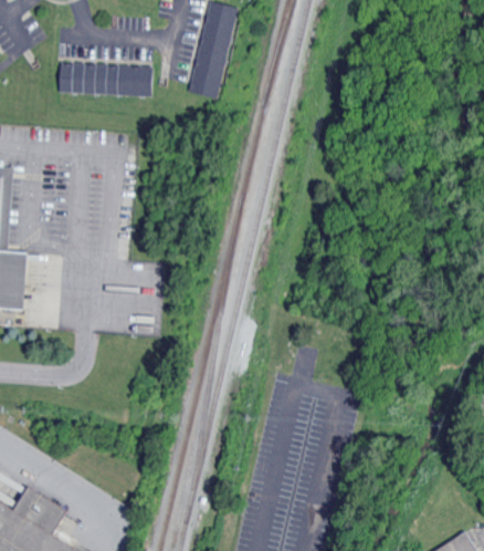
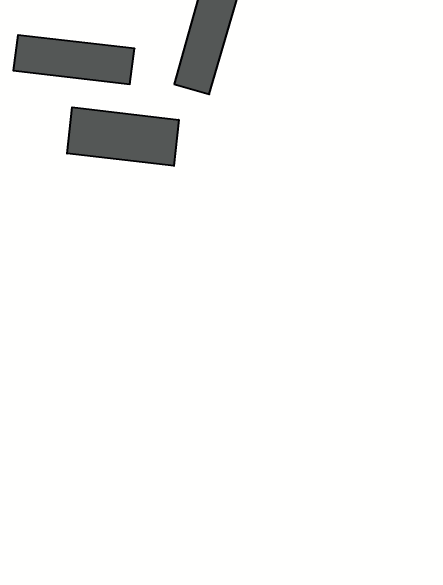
building: none -> [67,107,179,166]

